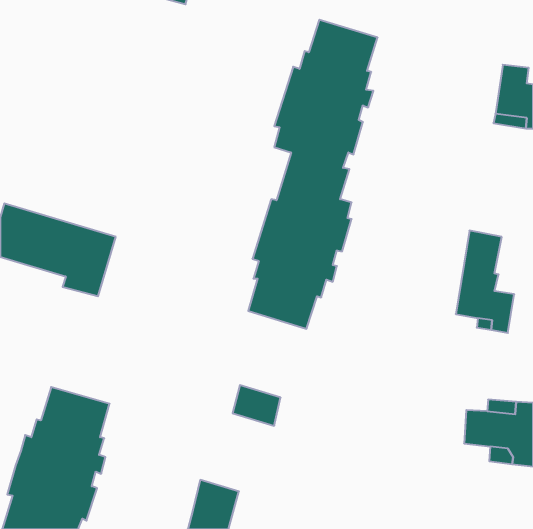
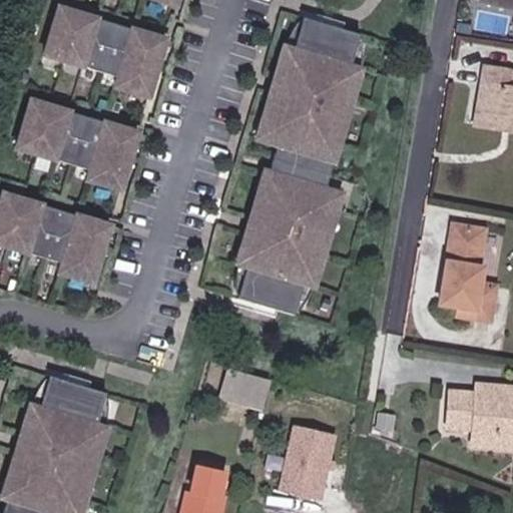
building: none -> [45,6,167,95]
building: none -> [17,99,138,188]
building: none -> [277,422,337,496]

